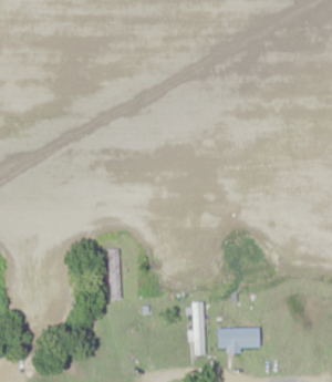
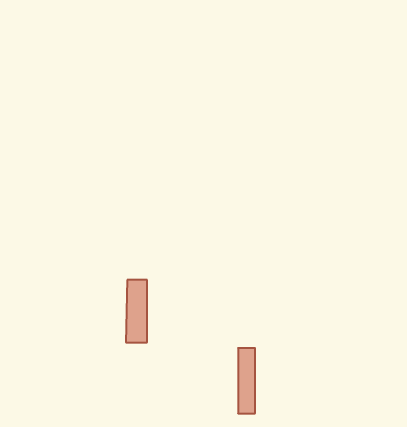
building: [218,329,261,350] -> none

